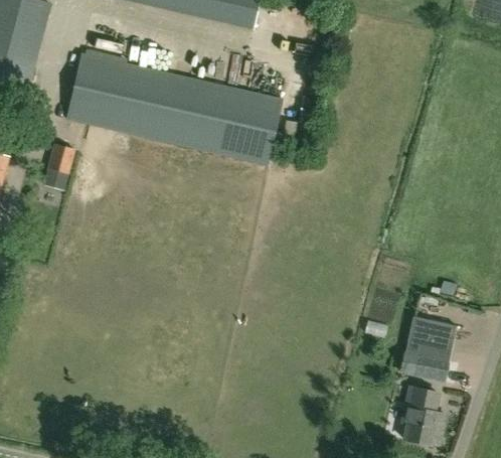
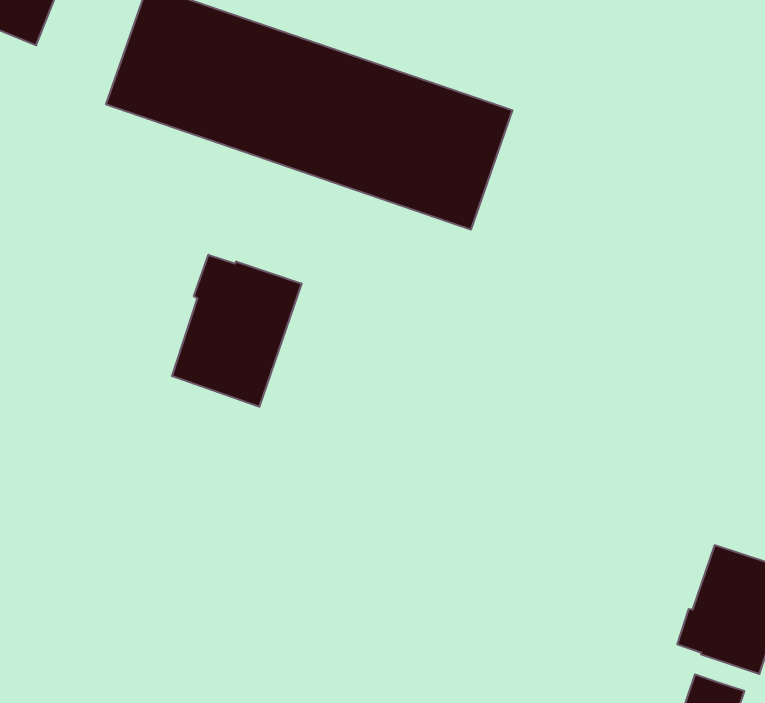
building: [42,143,73,191] -> none
building: none -> [172,255,302,407]

